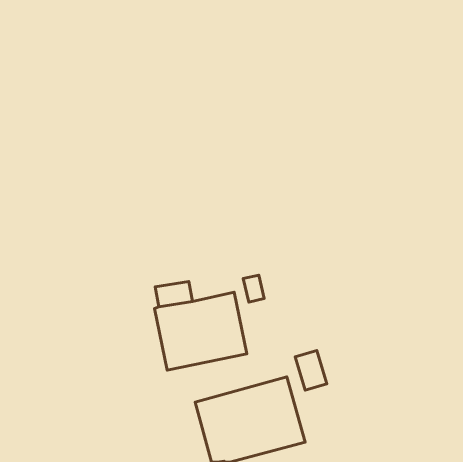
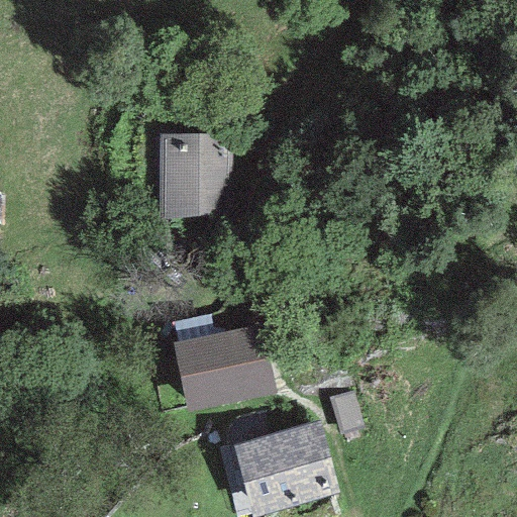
building: none -> [158,131,233,219]

